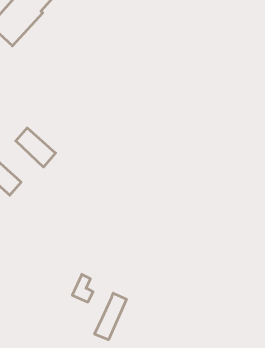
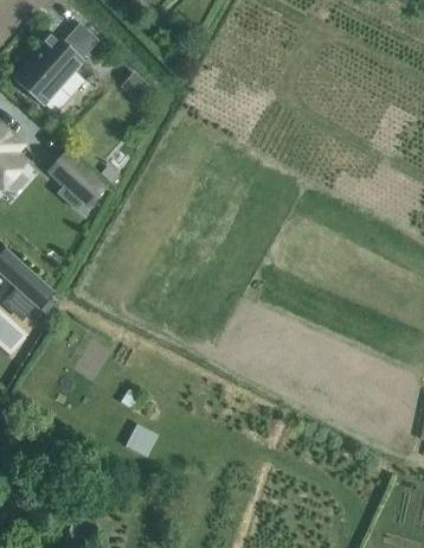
building: [16,128,56,167] -> [50,152,104,205]
building: [95,293,126,340] -> none

